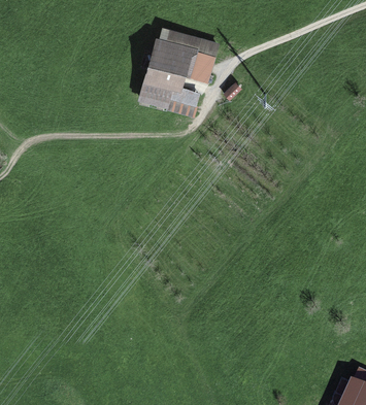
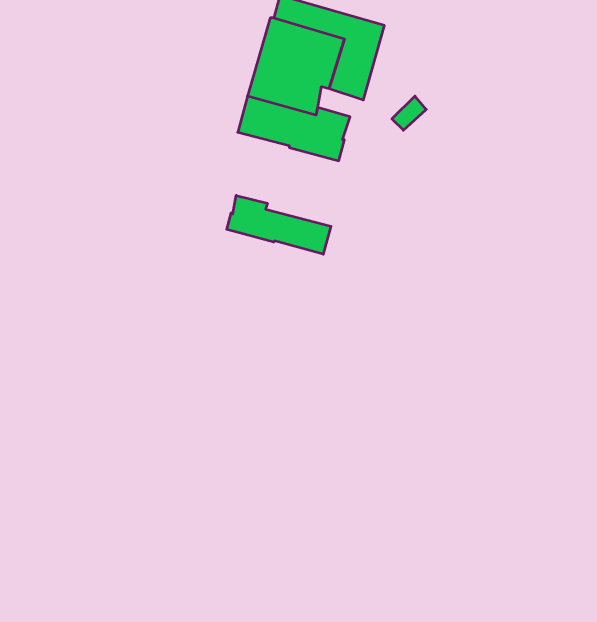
building: none -> [227,195,331,254]

